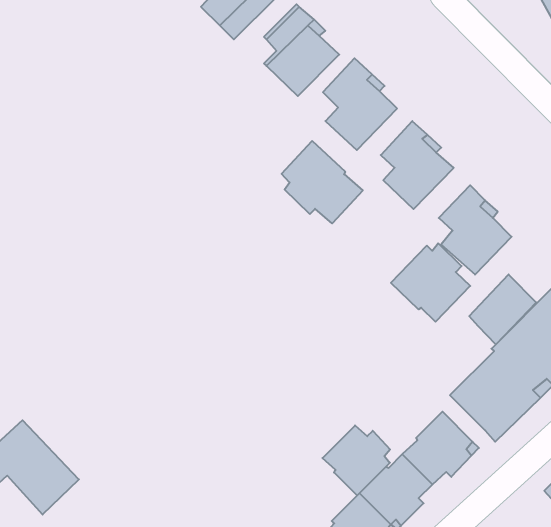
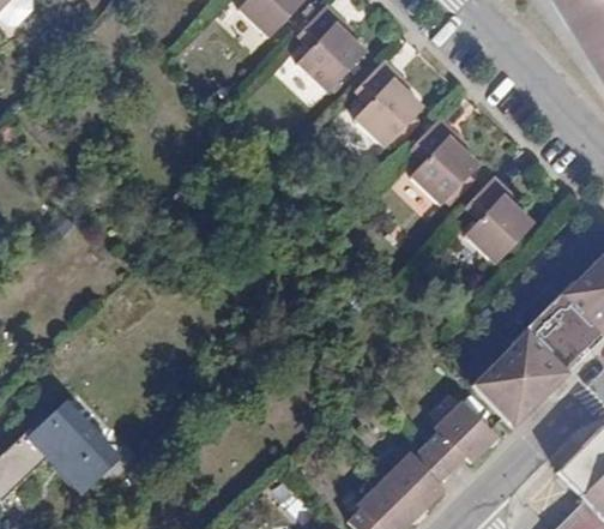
building: [282,141,363,223] -> none
building: [391,243,470,322] -> none
building: [469,274,536,344] -> none
building: [322,425,390,496] -> none

